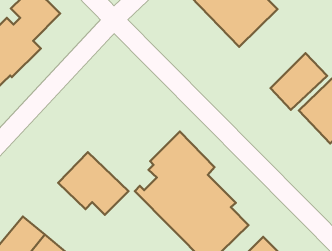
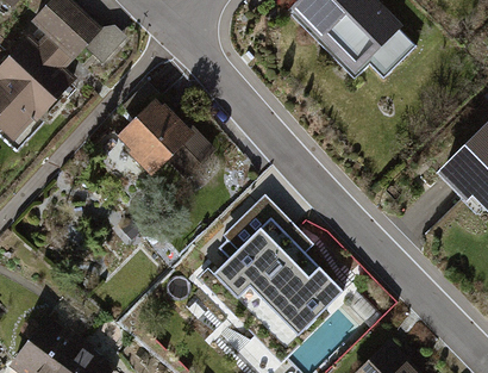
building: [270,53,327,110] -> none
building: [58,152,129,215] -> [111,95,209,184]

